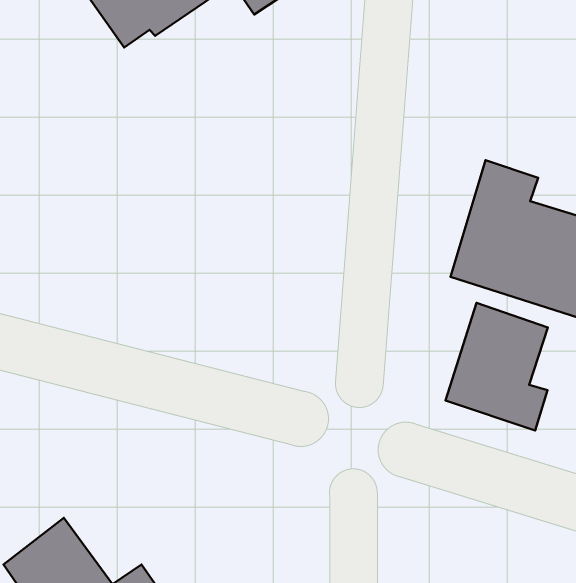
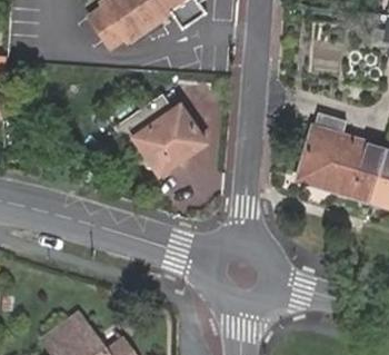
building: none -> [117,95,207,172]
building: [446,303,548,431] -> none

